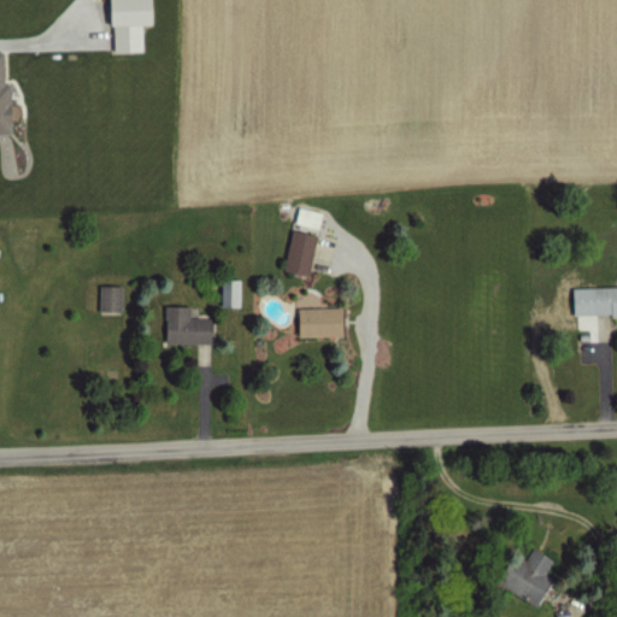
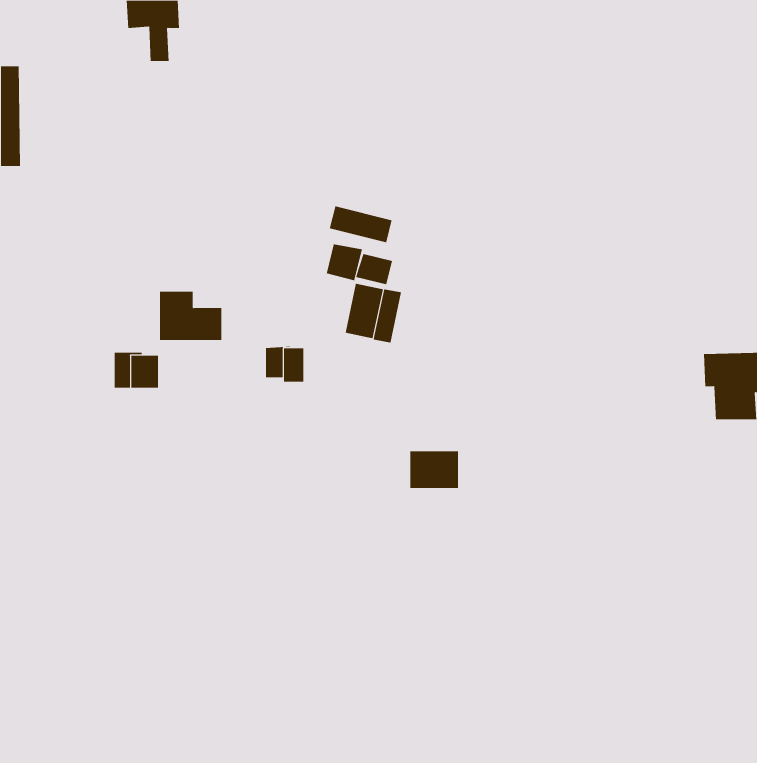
building: none -> [329,206,392,243]
building: none -> [326,244,362,281]
building: [163,306,213,346] -> [159,291,222,341]
building: [299,307,339,337] -> [409,451,459,488]
building: [494,551,554,610] -> none

